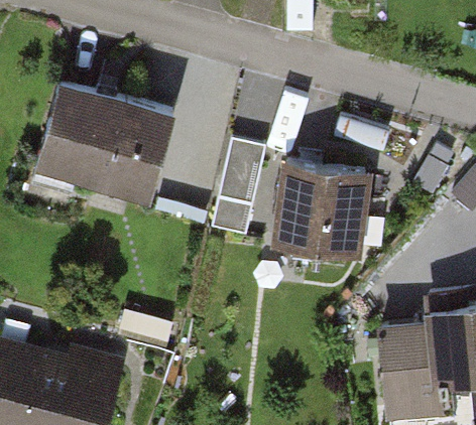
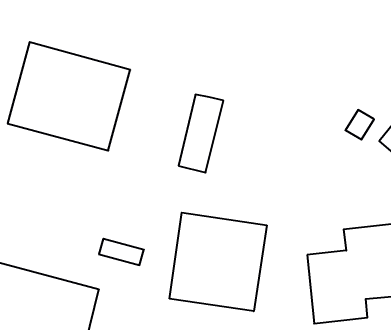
building: [281,158,374,258] -> none
building: none -> [170,213,267,311]

